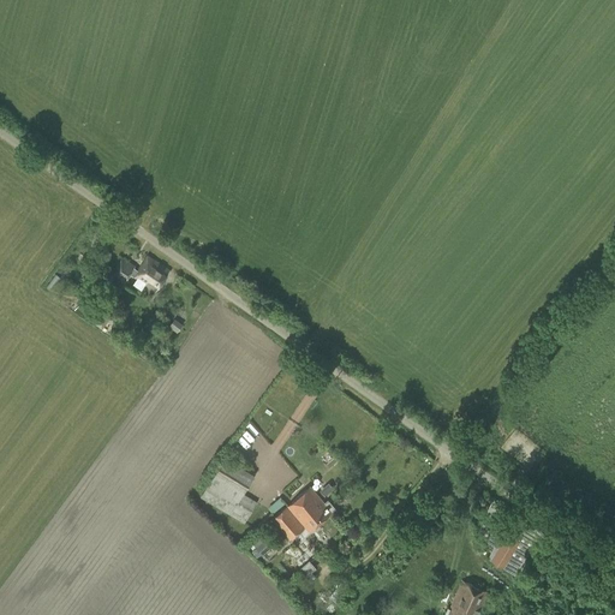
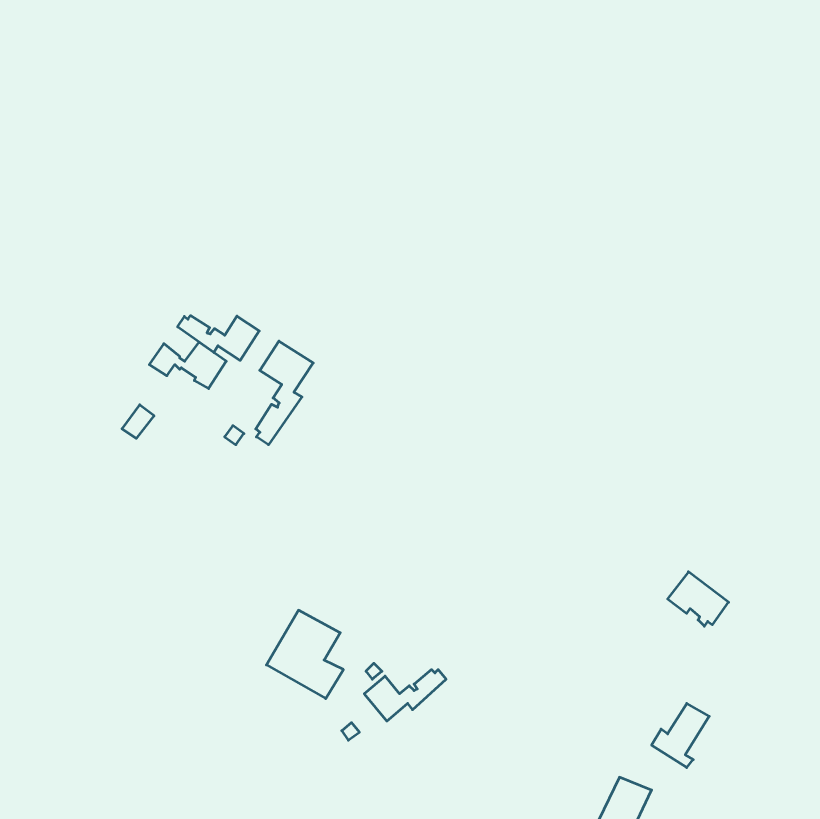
building: none -> [178,316,259,360]
building: none -> [256,341,313,445]
building: [288,488,323,520] -> none

